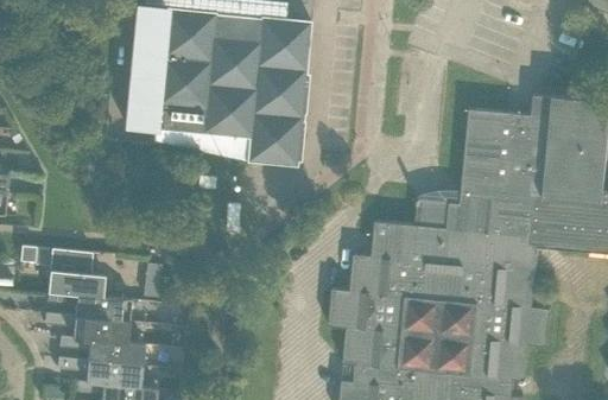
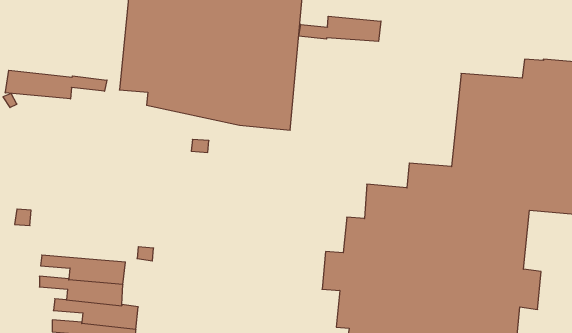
building: none -> [299,16,381,41]
building: none -> [5,70,107,99]
building: [48,247,104,296] -> none

